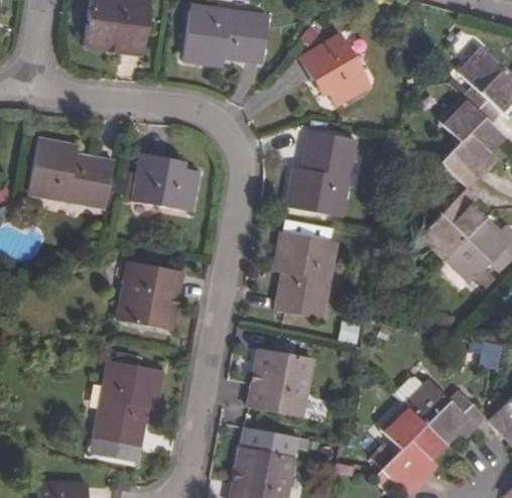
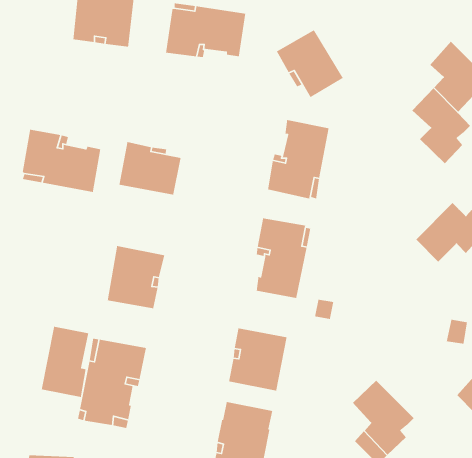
building: [421,188,485,256] -> none
building: none -> [41,326,89,398]
building: [404,381,484,445] -> none

